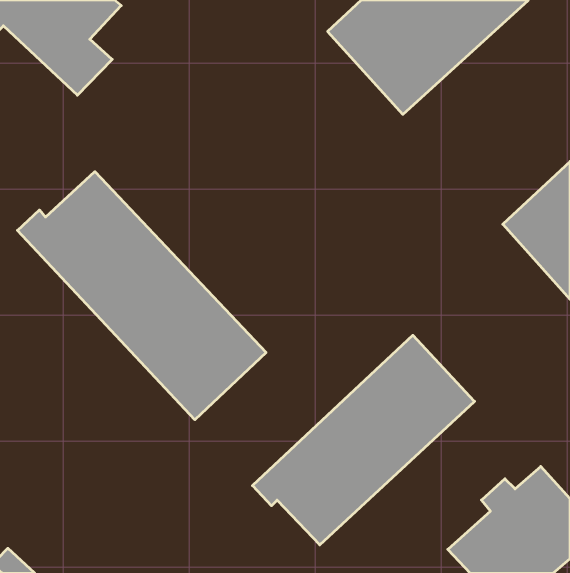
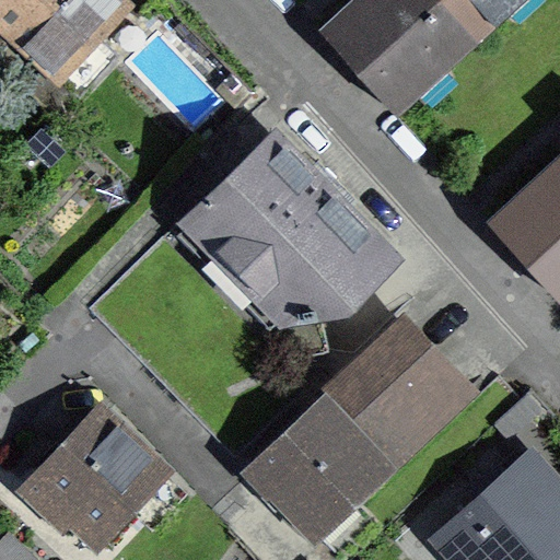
building: none -> [192,141,386,311]
building: [17,172,266,420] -> none
building: none -> [23,412,160,546]

